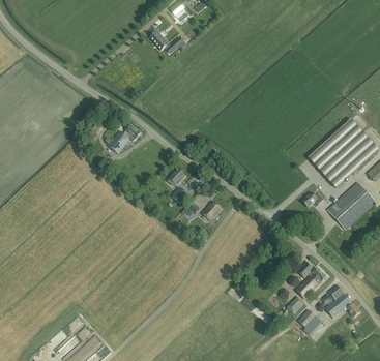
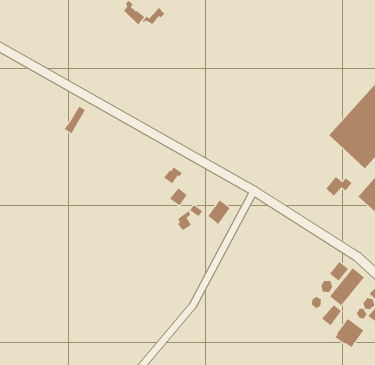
building: [108,124,141,152] -> none

